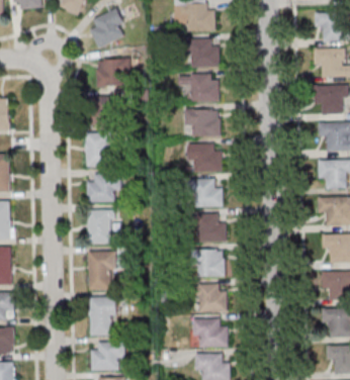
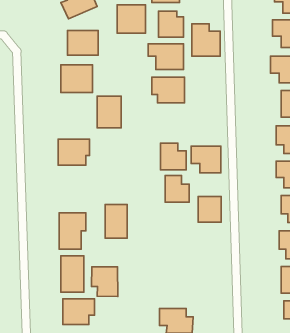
building: none -> [117,5,145,33]
building: none -> [192,24,220,56]
building: [85,132,110,166] -> [97,96,121,128]
building: [188,143,220,171] -> [191,146,221,173]
building: [89,208,112,244] -> [105,205,127,238]
building: [200,249,225,276] -> [198,196,221,222]
building: [196,283,226,311] -> none
building: none -> [92,267,118,297]
building: [191,318,226,347] -> none

